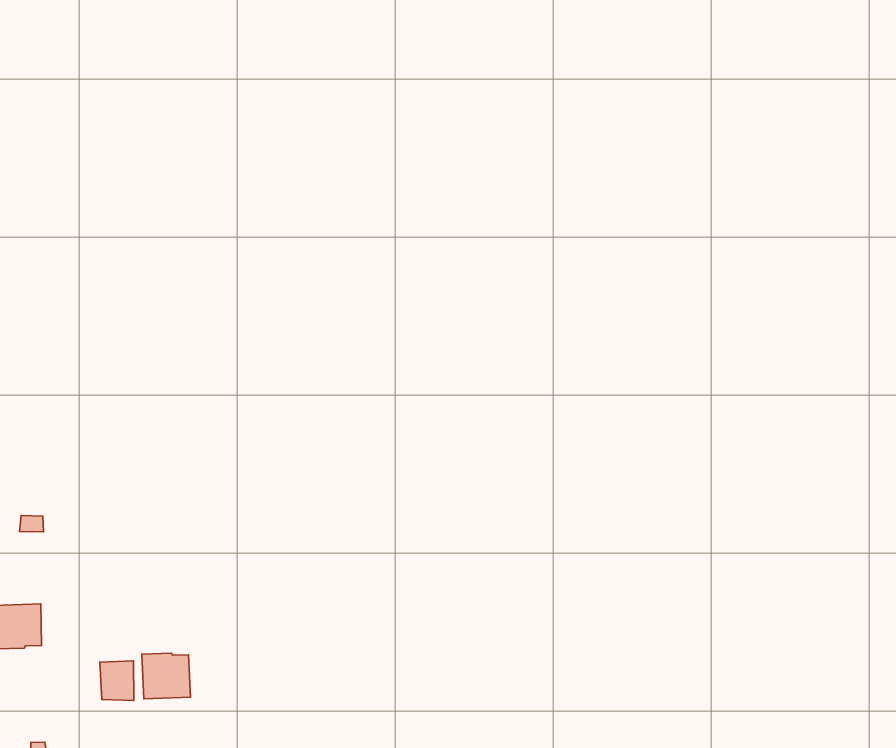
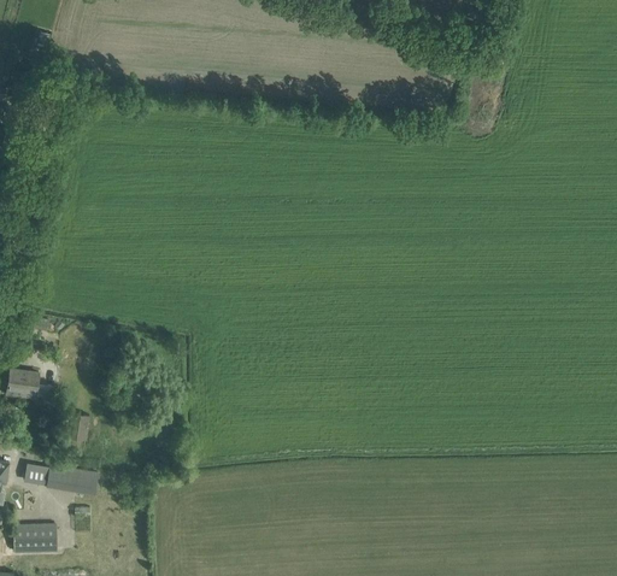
building: [142,653,190,699] -> none

